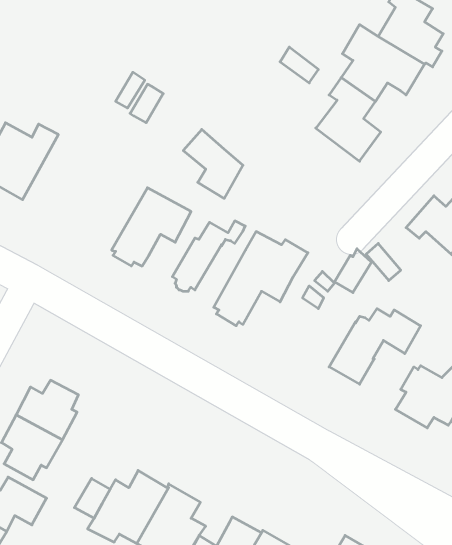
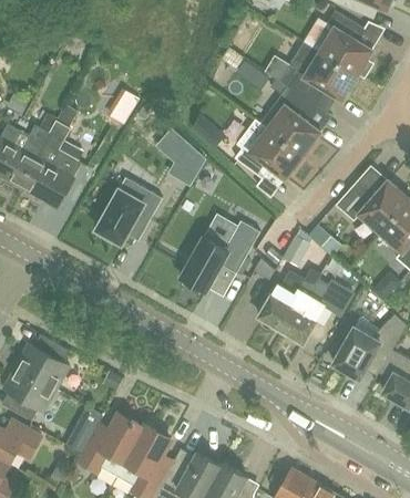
building: none -> [21,105,81,207]
building: none -> [234,118,303,178]
building: [172,221,245,291] -> [258,269,319,328]

